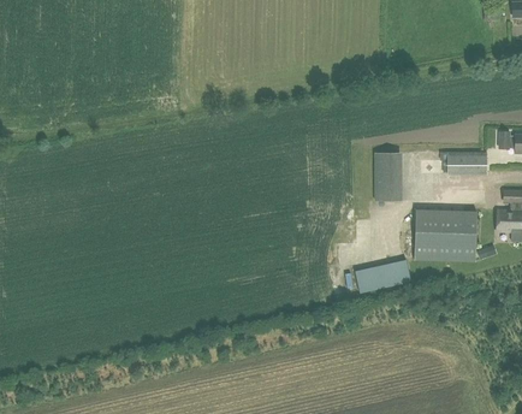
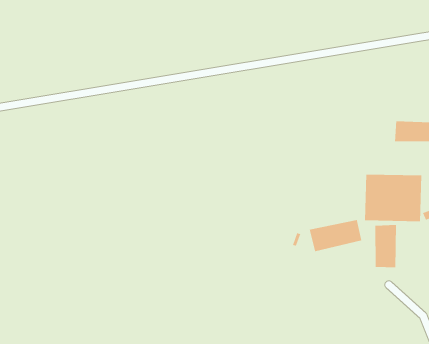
building: [374,153,402,201] -> none
building: none -> [375,224,397,268]

